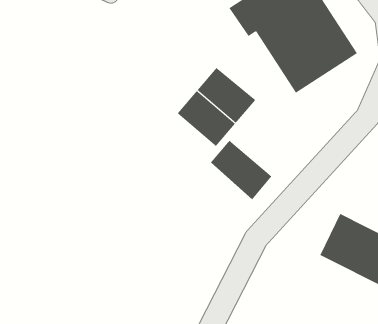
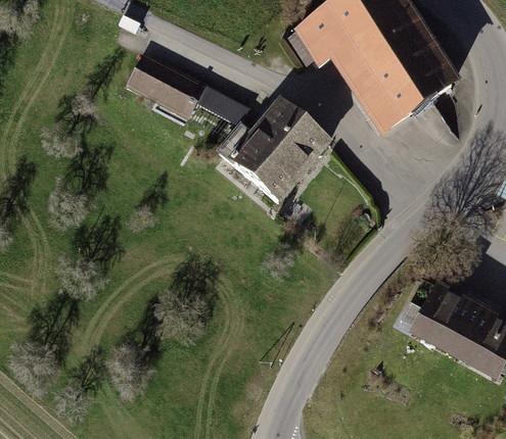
building: none -> [127,48,246,124]
building: [210,140,272,200] -> none

